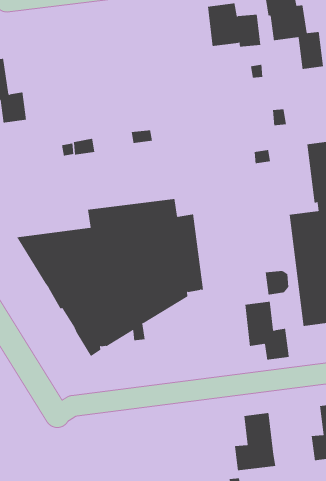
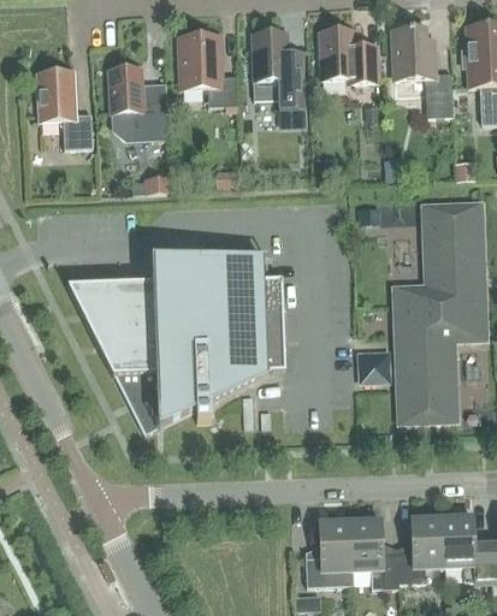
building: none -> [252,31,306,126]
building: none -> [178,34,237,105]
building: none -> [108,67,167,141]
building: [244,301,290,360] -> [350,519,398,588]

